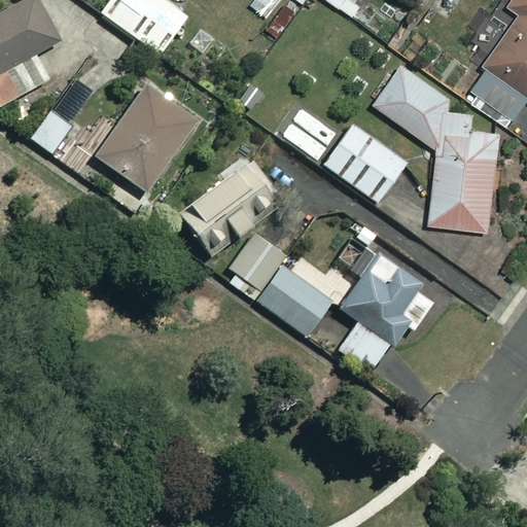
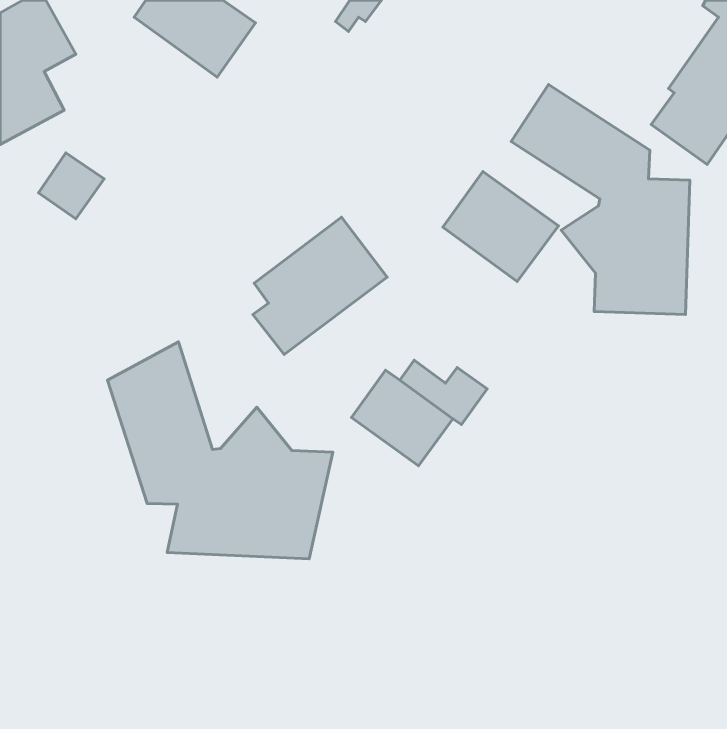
building: [93,85,195,194] -> none
building: [227,232,289,304] -> none
building: [333,240,430,373] -> none
building: none -> [108,342,333,559]

